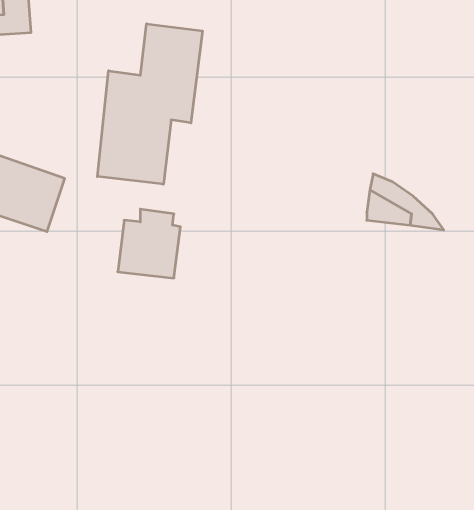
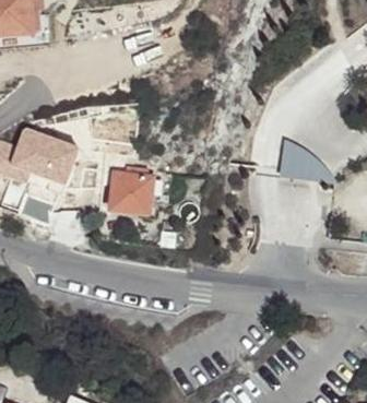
building: [97,24,202,184] -> none

